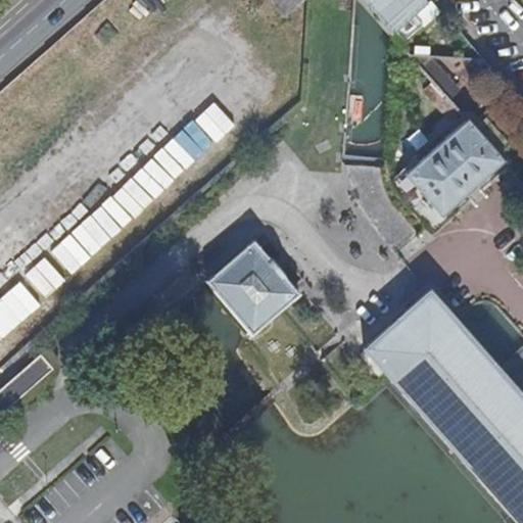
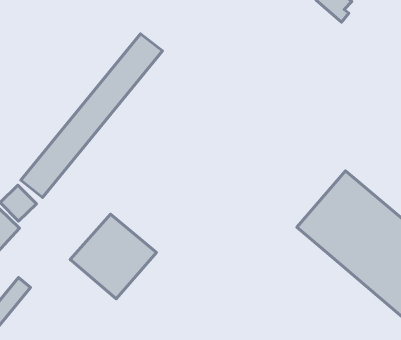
building: [407,120,504,216] -> none
building: [199,240,300,339] -> [70,214,157,299]

